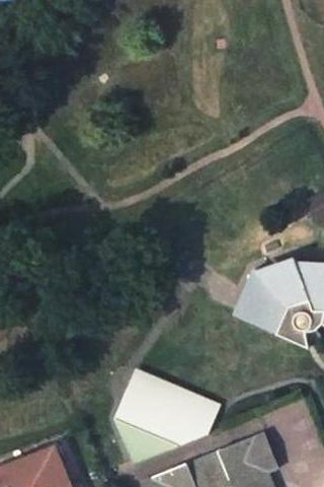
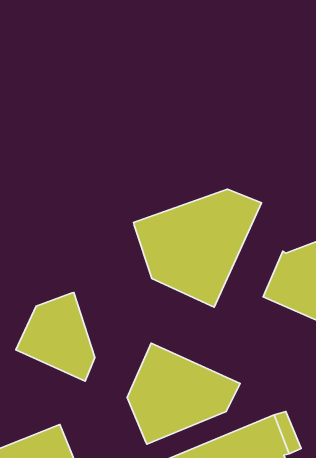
building: none -> [133,189,262,307]
building: none -> [16,292,95,381]

